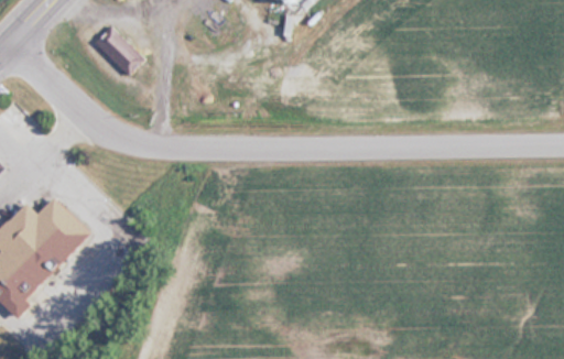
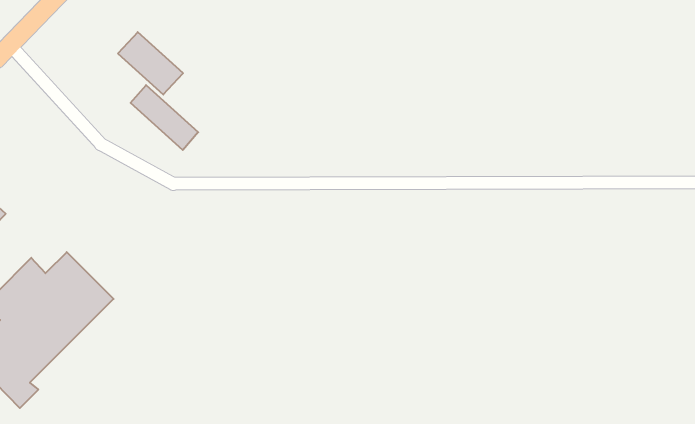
building: none -> [131,85,198,150]

